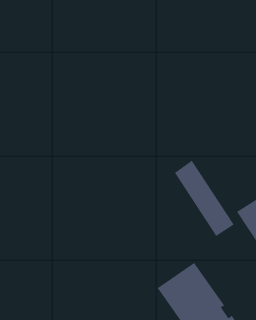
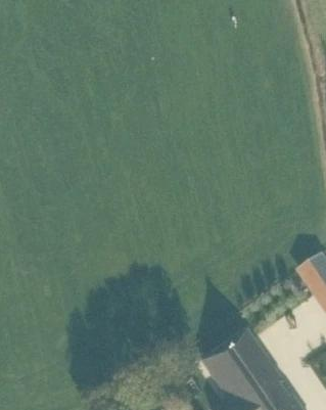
building: [174,160,235,237] -> none

